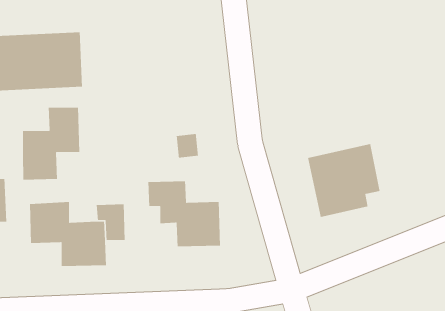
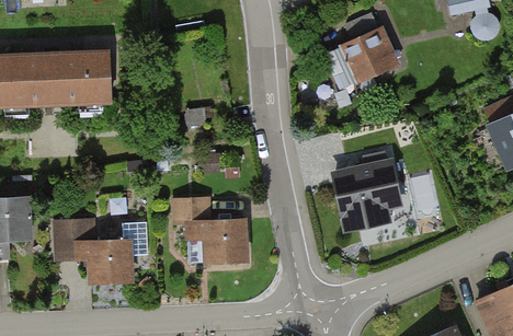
building: none -> [324,24,399,89]
building: [22,107,80,181] -> none

